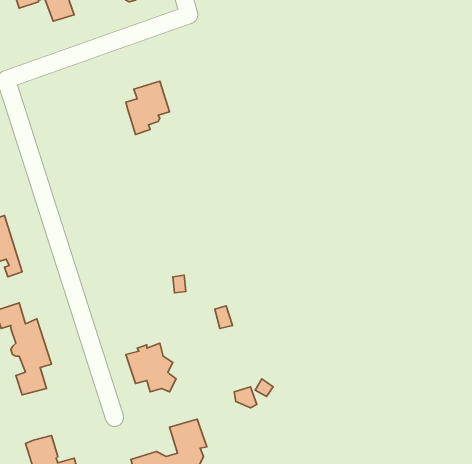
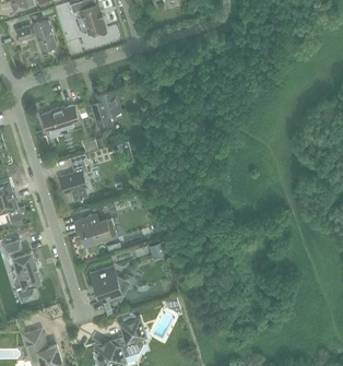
building: none -> [40,104,80,133]
building: none -> [60,160,86,200]
building: none -> [74,214,117,245]

